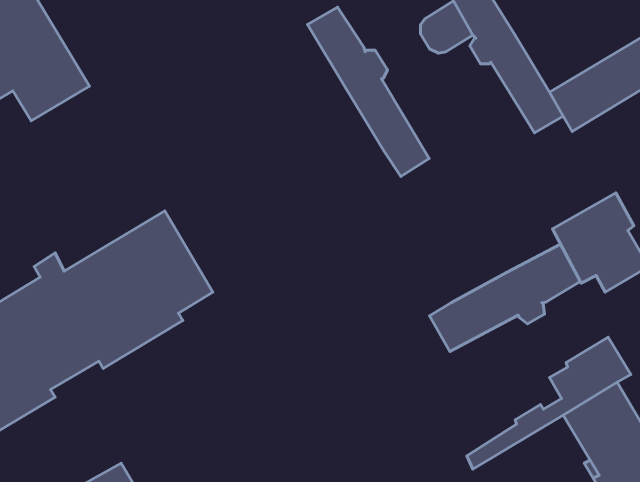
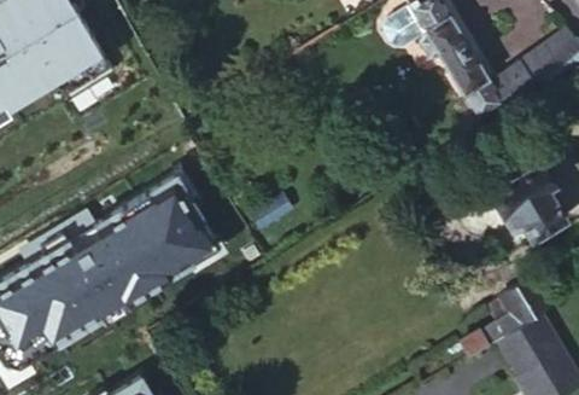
building: [308,7,429,177] -> none
building: [430,244,580,351] -> none

